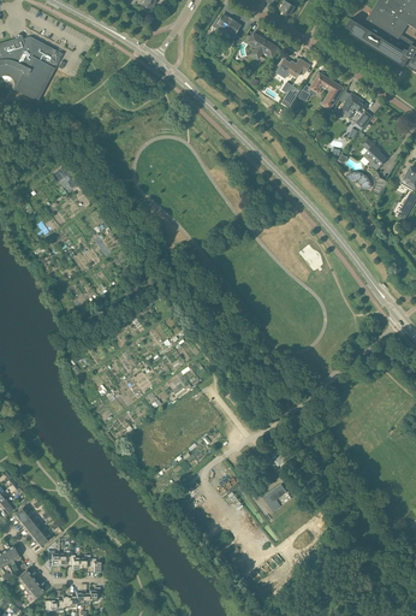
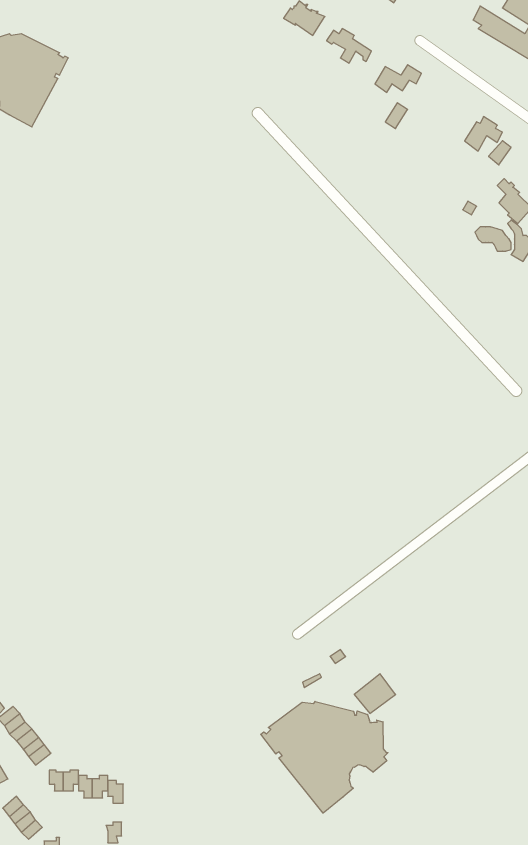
building: [298,72,343,108] -> none
building: none -> [261,701,388,813]

